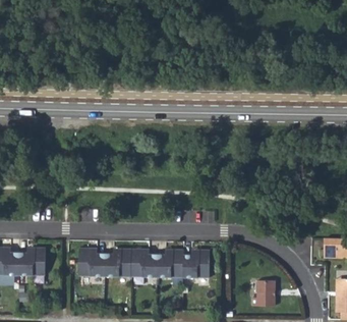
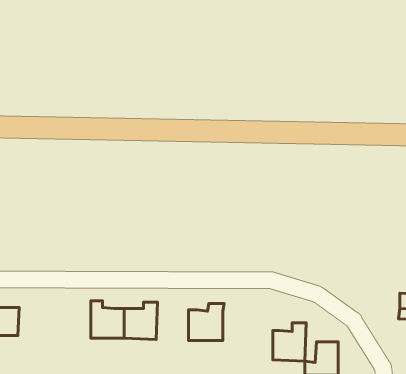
building: [21,246,47,274] -> none
building: [131,247,157,277] -> none
building: [184,248,211,278] -> [273,323,306,361]

